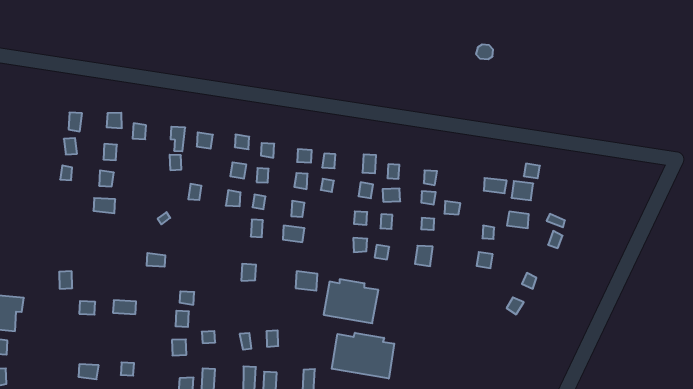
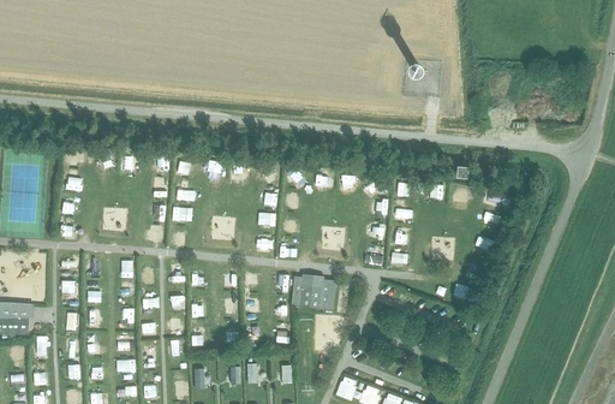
building: [332,333,394,379] -> none

